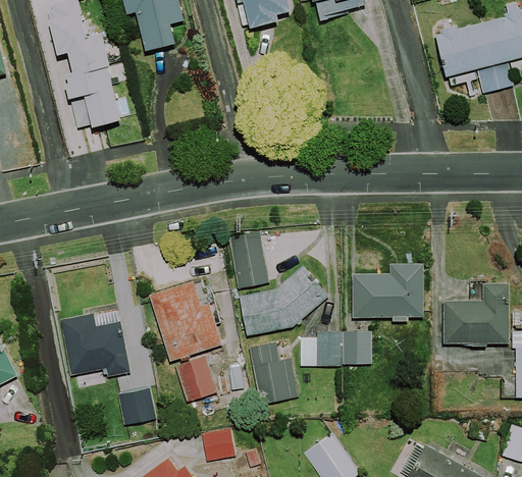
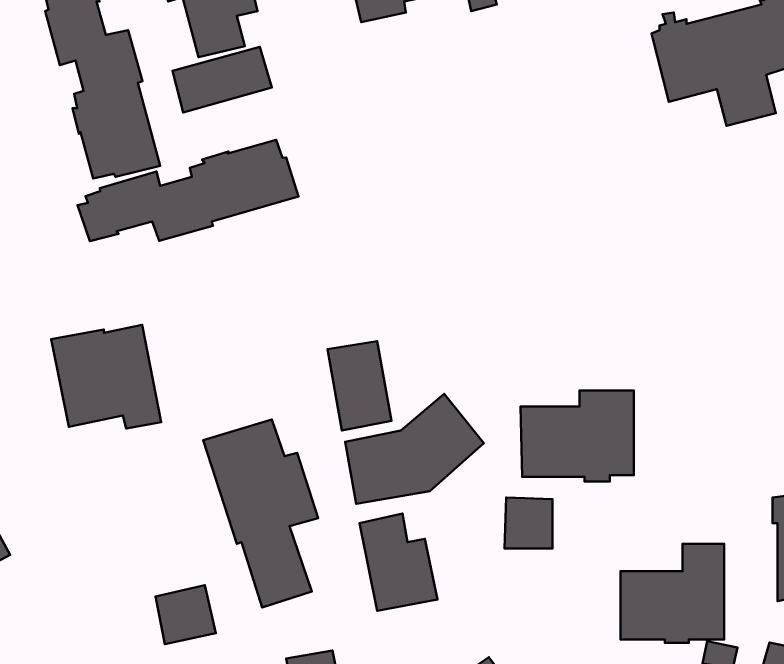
building: none -> [173,47,272,112]
building: none -> [78,140,298,241]
building: [443,282,510,346] -> [620,544,724,643]
building: [60,310,130,376] -> [51,325,161,428]
building: [301,331,343,366] -> none

